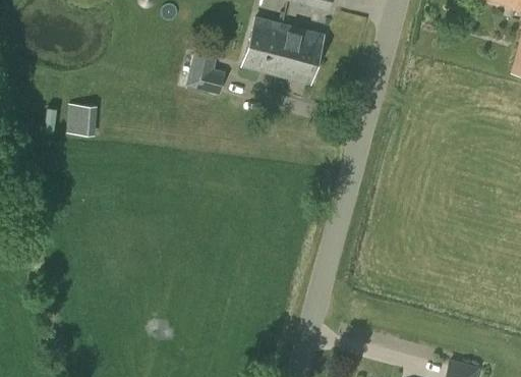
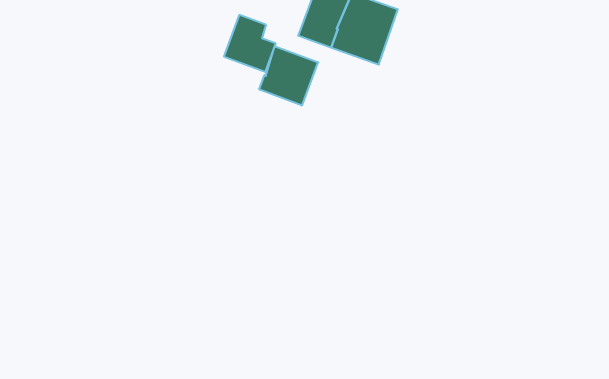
building: none -> [259,47,318,106]
building: [74,106,99,136] -> none

